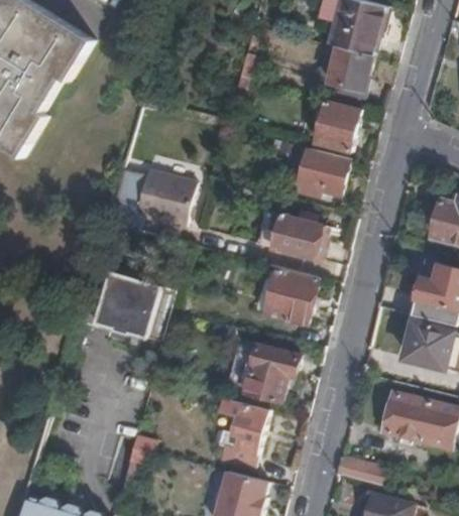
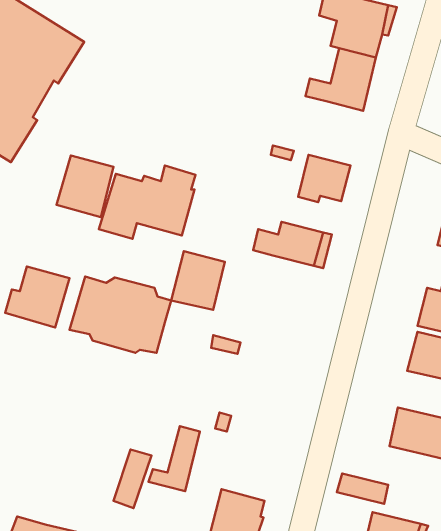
building: [314,99,360,150] -> none
building: none -> [57,155,114,217]
building: none -> [5,266,70,328]
building: [265,267,317,324] -> [171,251,225,310]
building: [244,345,298,400] -> none
building: [217,405,266,468] -> [148,426,200,491]

